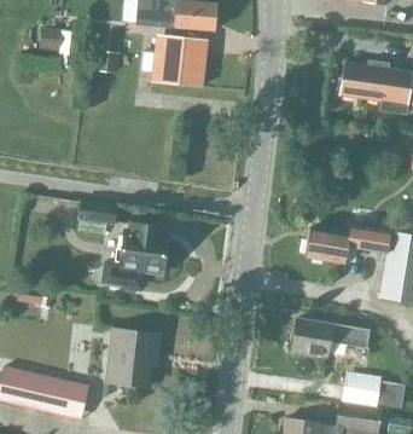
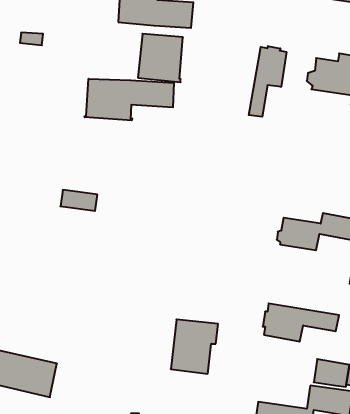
building: none -> [249,46,286,117]
building: none -> [85,79,174,120]
building: [99,224,165,287] -> none
building: [107,329,157,386] -> [171,319,218,374]

